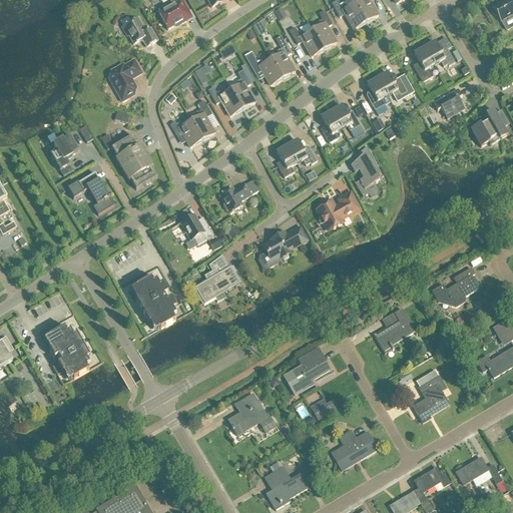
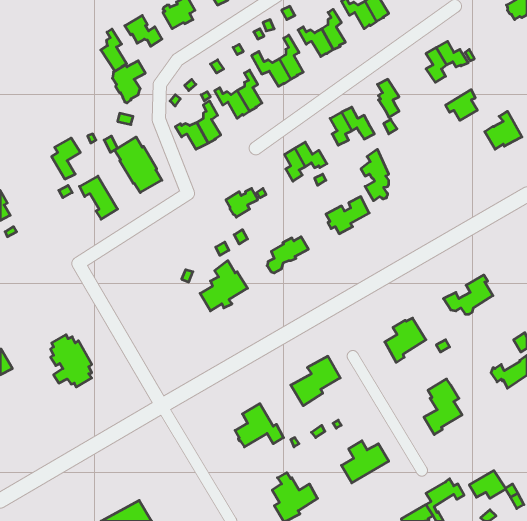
building: none -> [101,29,127,71]
building: [377,71,415,94] -> none
building: [180,213,212,241] -> none
building: [135,276,181,327] -> none

